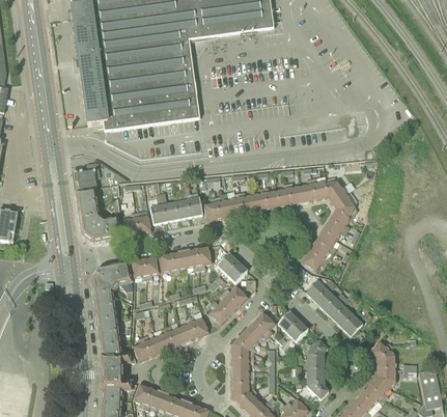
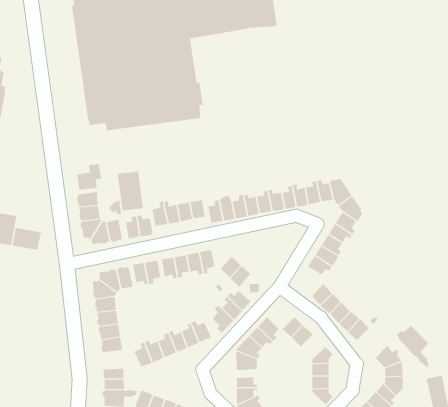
building: none -> [117,171,144,211]
building: none -> [12,227,41,251]
building: none -> [396,325,429,369]
building: [101,344,136,363] -> none

